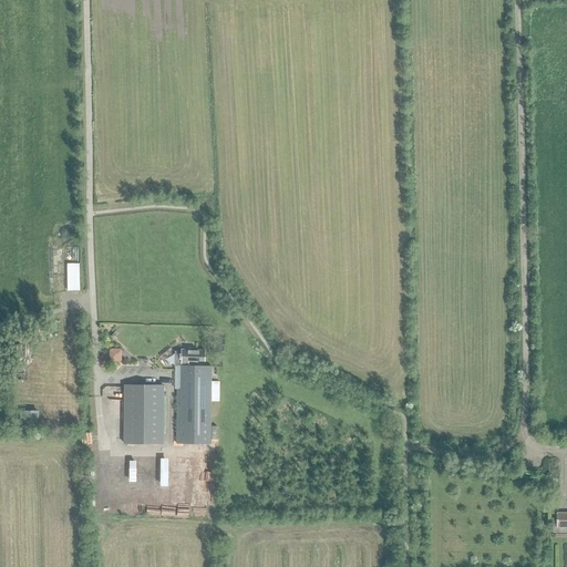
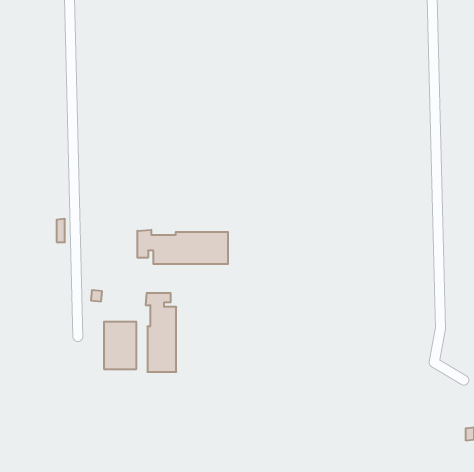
building: none -> [137,230,228,264]

